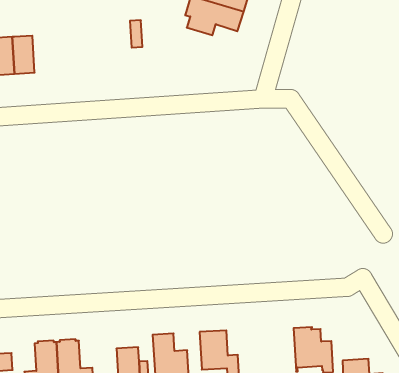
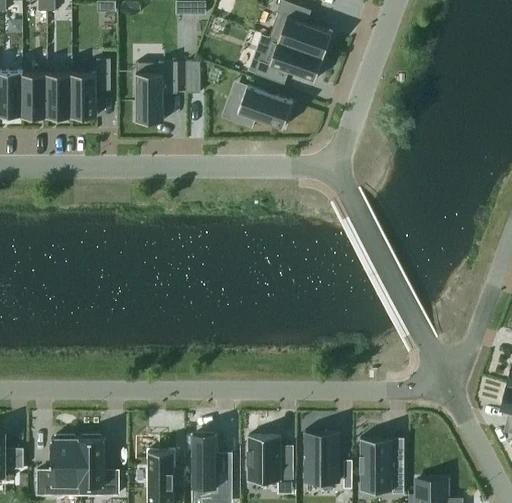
building: none -> [135,61,177,121]
building: none -> [70,59,110,116]
building: none -> [237,86,292,128]
building: none -> [304,434,340,480]

